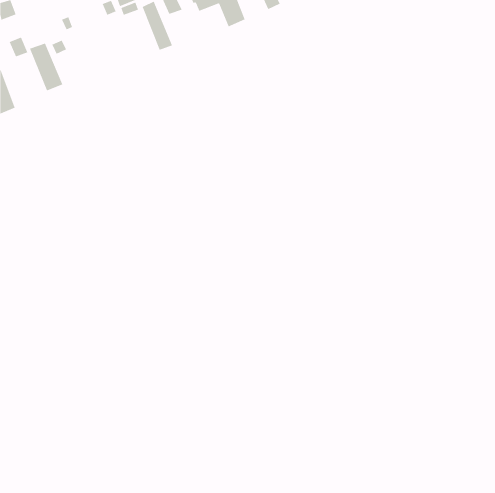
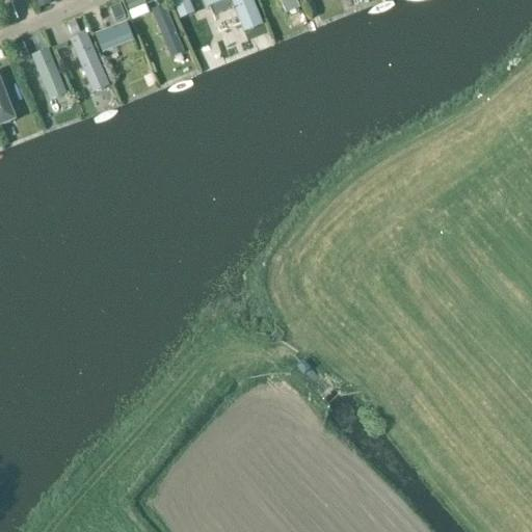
building: none -> [95,18,134,49]
building: none -> [69,30,108,90]

